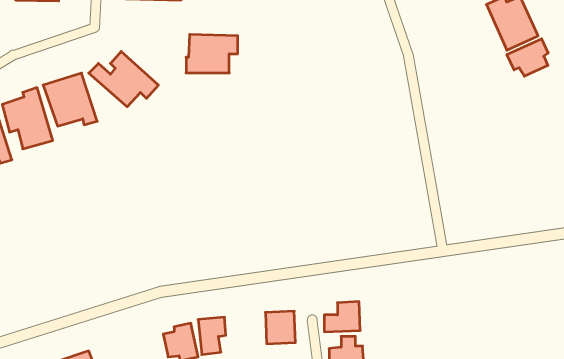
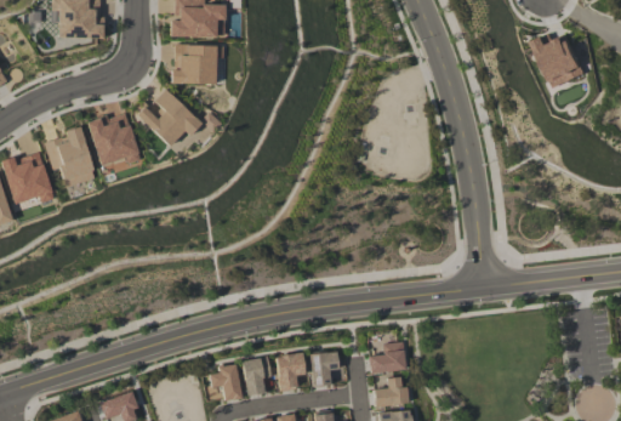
building: [186,34,238,73] -> [172,45,224,84]
building: [507,39,548,76] -> none
building: none -> [277,354,304,389]

